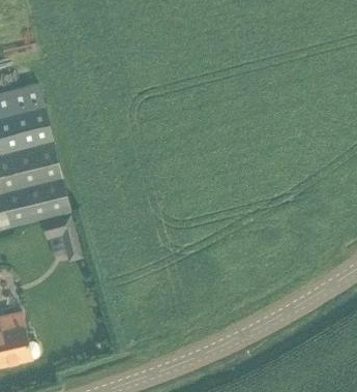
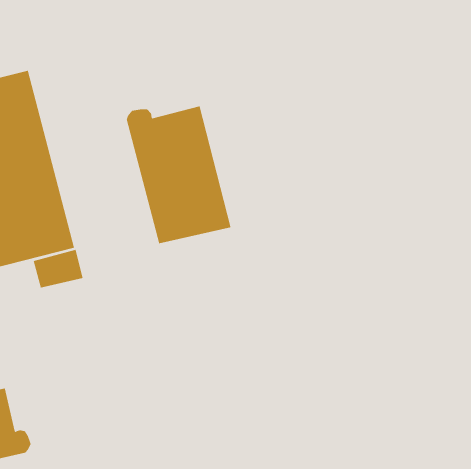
building: none -> [126,106,231,244]

